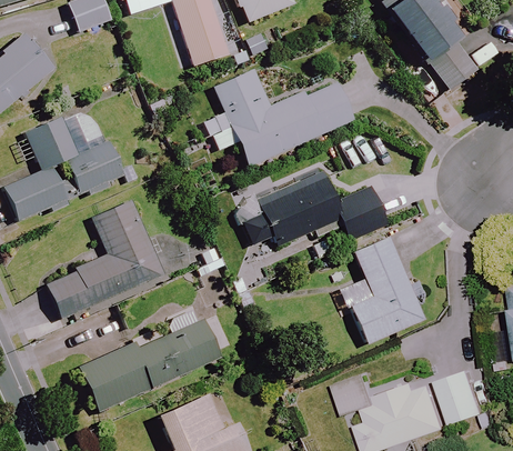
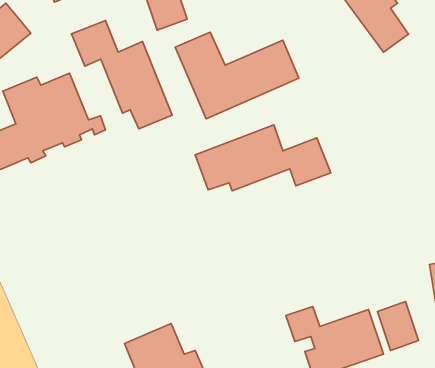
building: none -> [72,21,172,129]
building: [48,202,163,318] -> none
building: [352,235,424,342] -> none
building: [82,320,220,410] -> none

